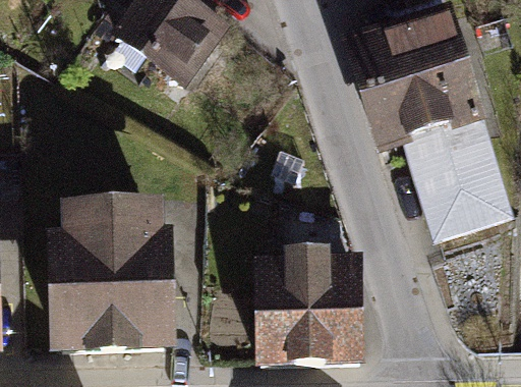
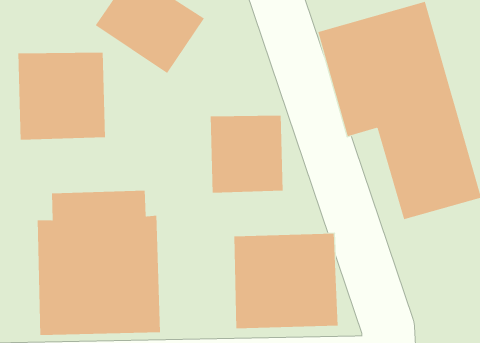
building: none -> [18,52,105,140]
building: none -> [210,115,283,194]

